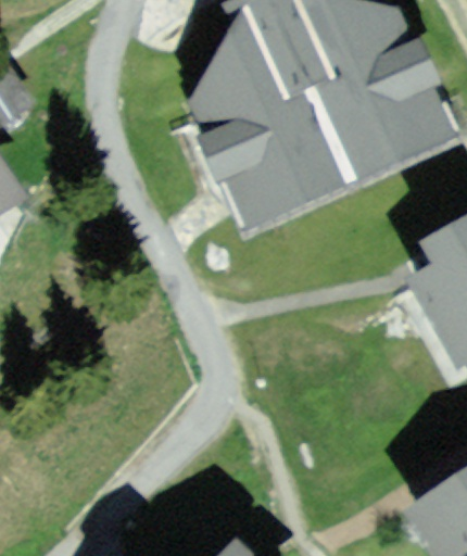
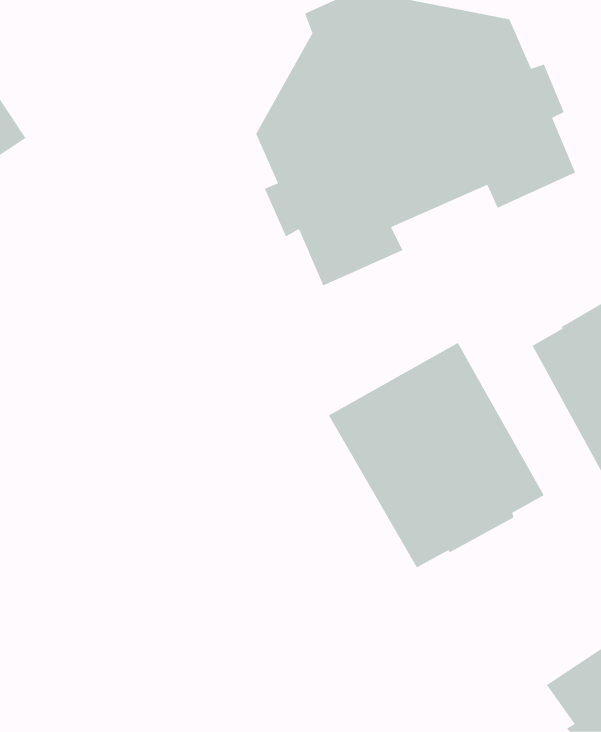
building: none -> [328,342,545,569]

